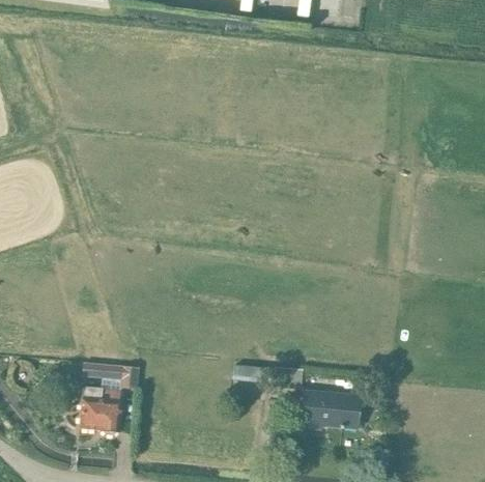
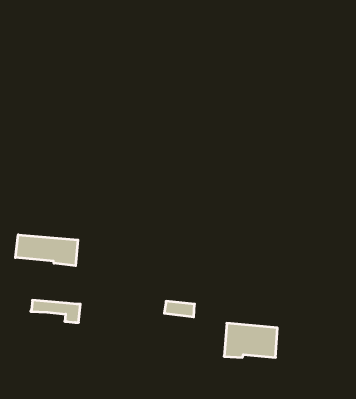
building: none -> [15,235,78,266]
building: [79,386,121,434] -> none

